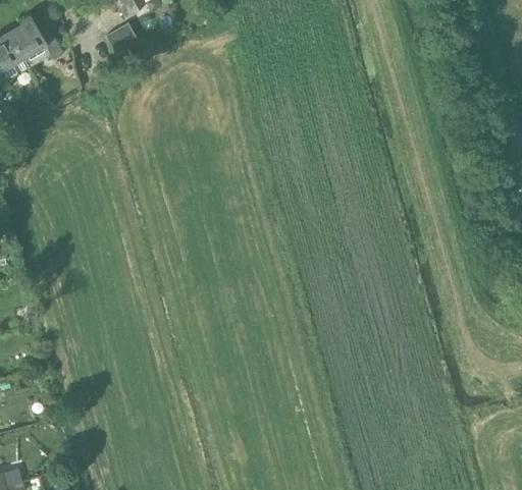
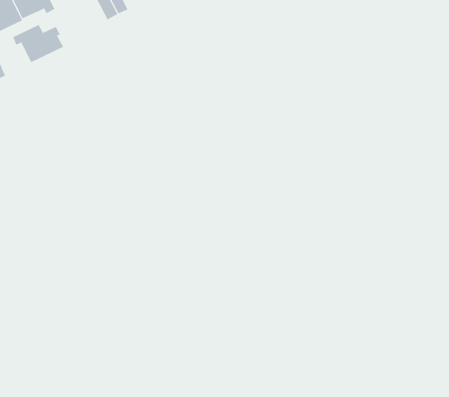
building: none -> [13,24,64,63]

